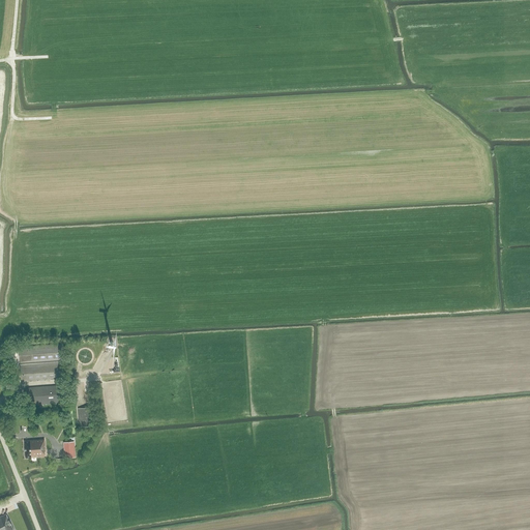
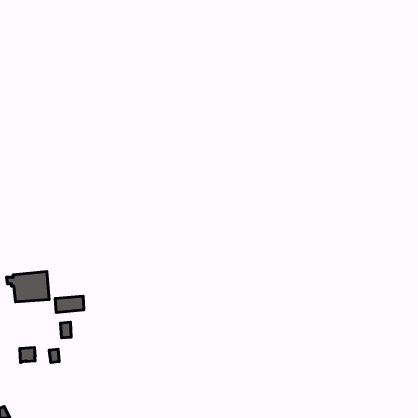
building: [25,385,61,406] -> [55,296,84,312]

